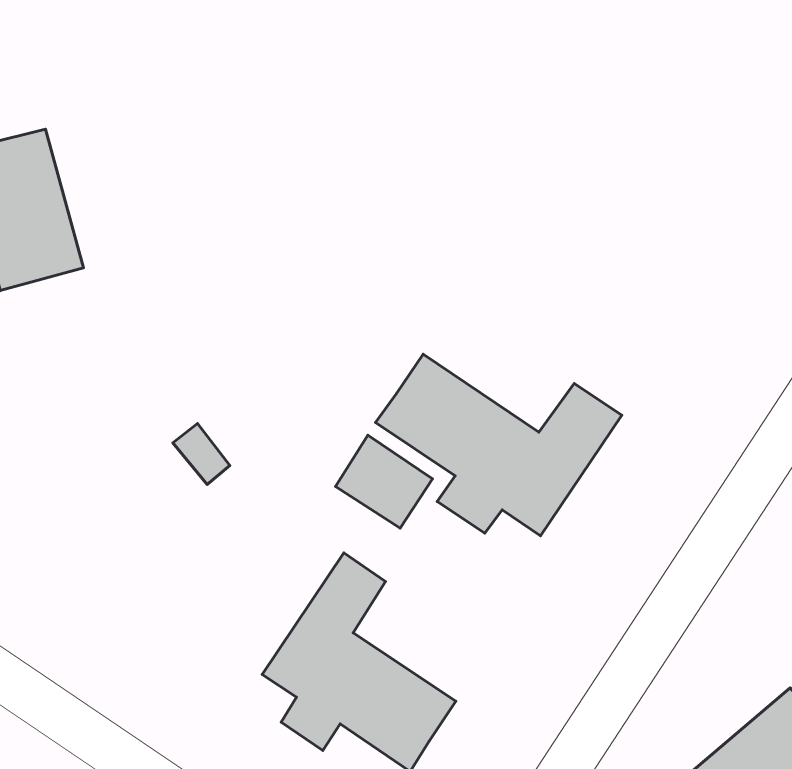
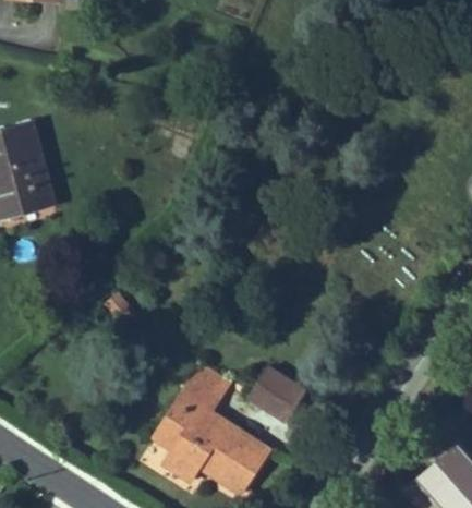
building: [376,354,622,536] -> none
building: [335,435,432,528] -> [249,367,304,421]

